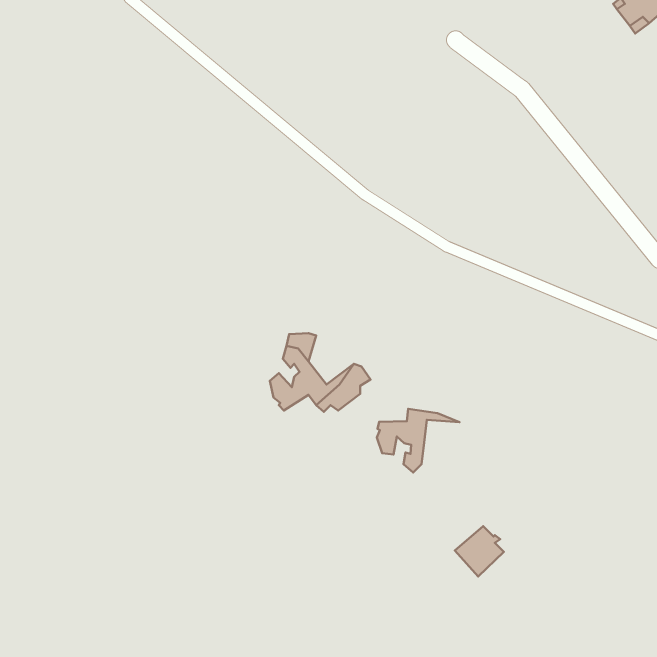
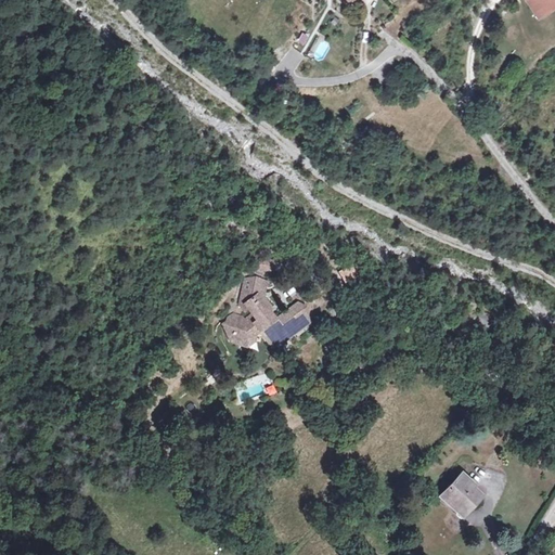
building: [377,409,459,472] -> none
building: [455,526,504,576] -> [439,465,480,507]

